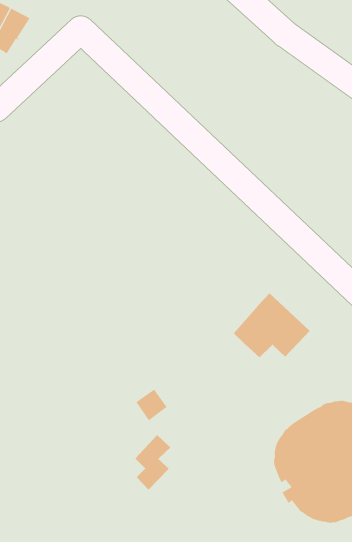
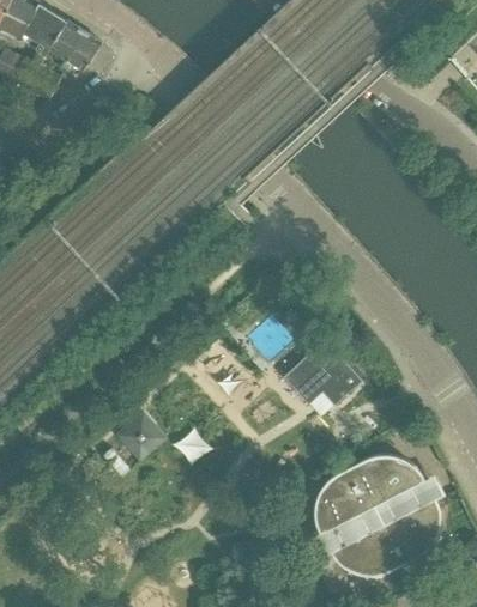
building: [134,434,171,491] -> [117,412,156,468]

